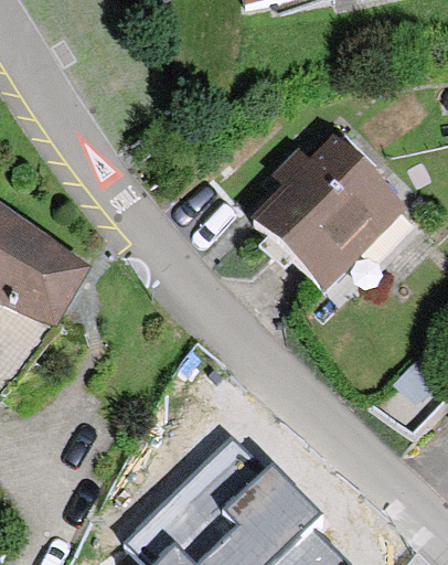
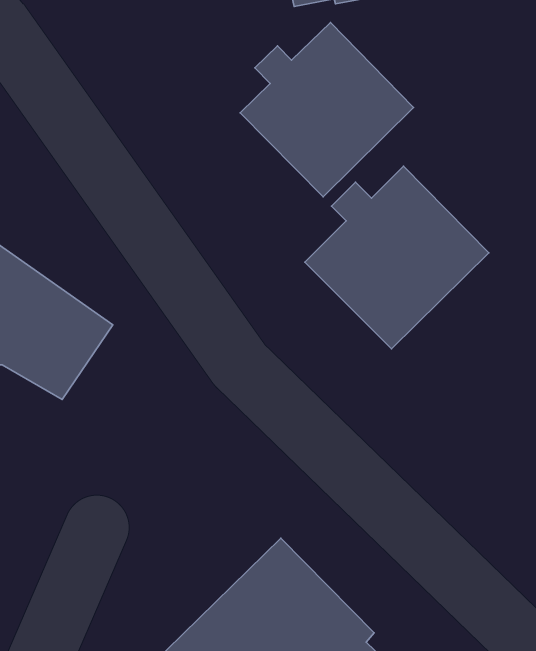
building: none -> [240,22,414,197]

